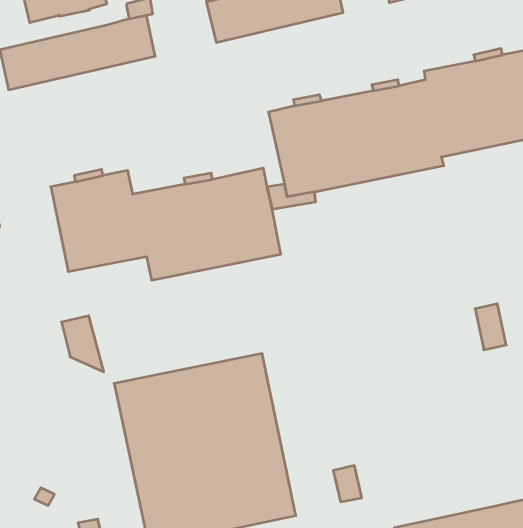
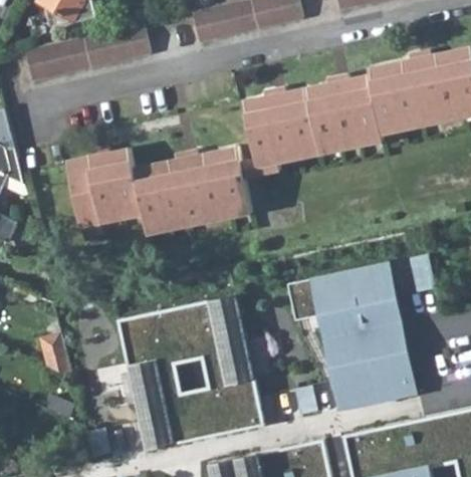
building: none -> [287,262,416,412]
building: [61,316,104,372] -> [37,332,71,378]

